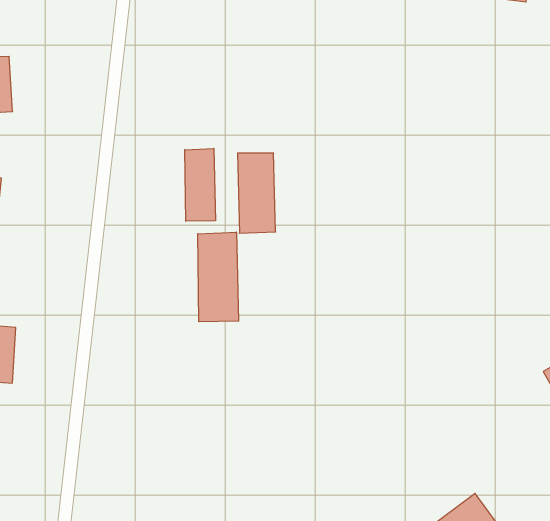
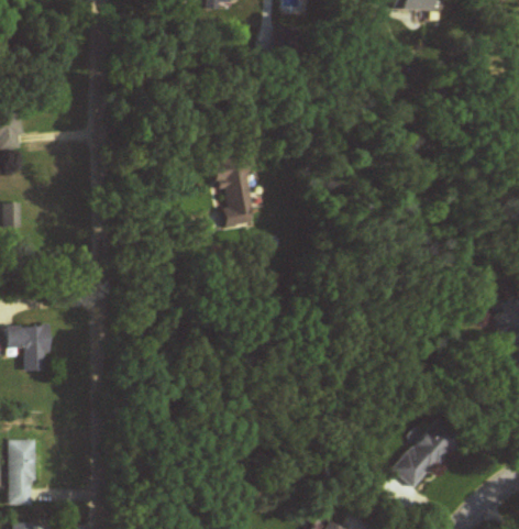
building: [185,148,215,221] -> none
building: [198,232,239,322] -> none

